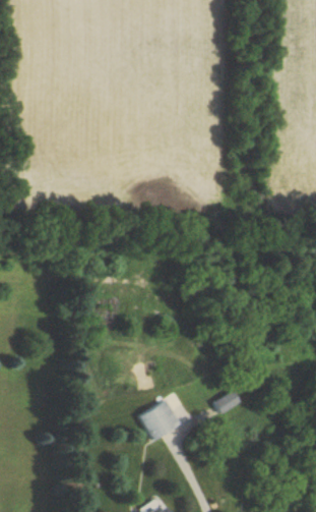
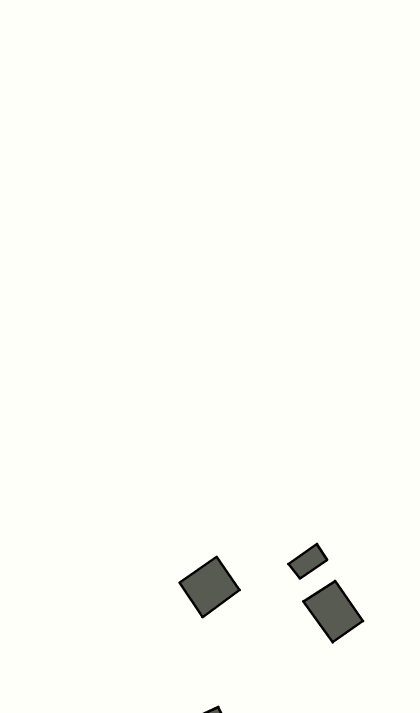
building: none -> [303,581,363,642]

